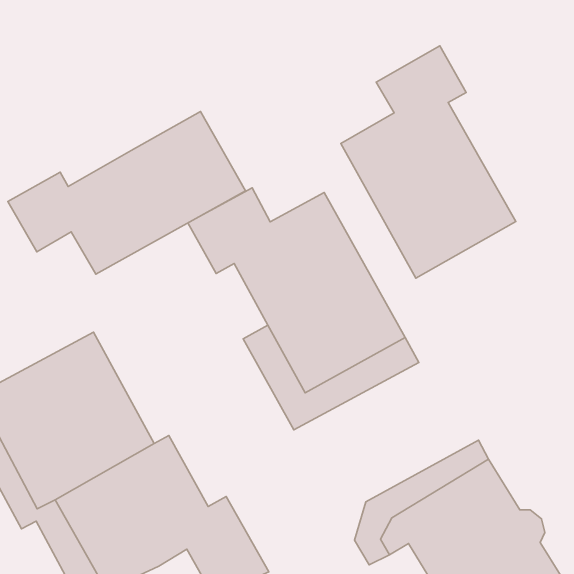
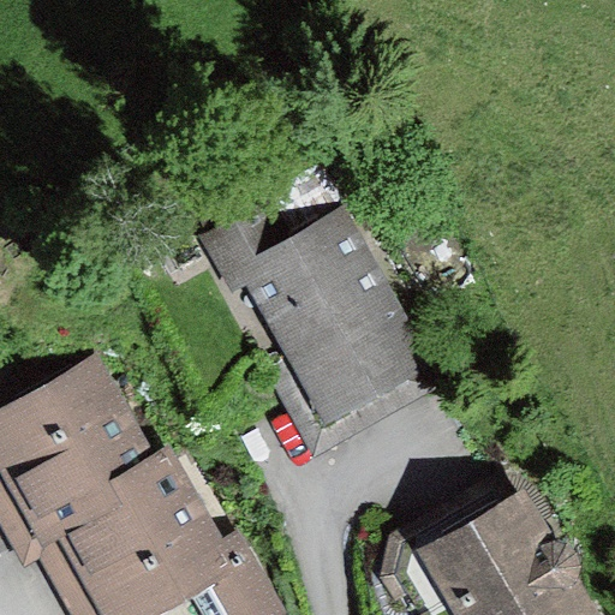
building: [341,46,516,278] -> none
building: [8,111,246,274] -> none

